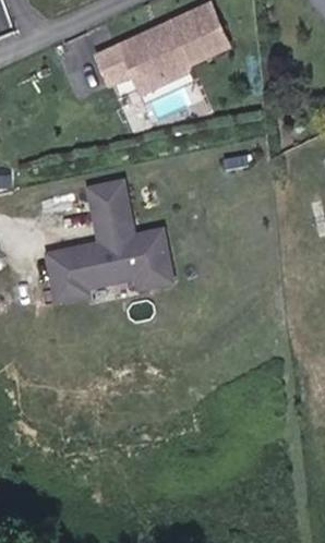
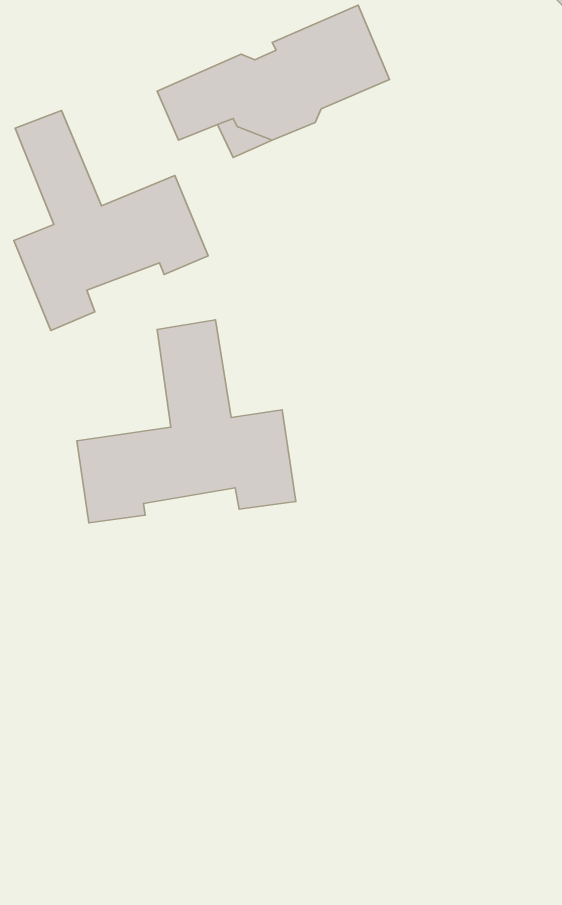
building: none -> [14,110,208,330]

